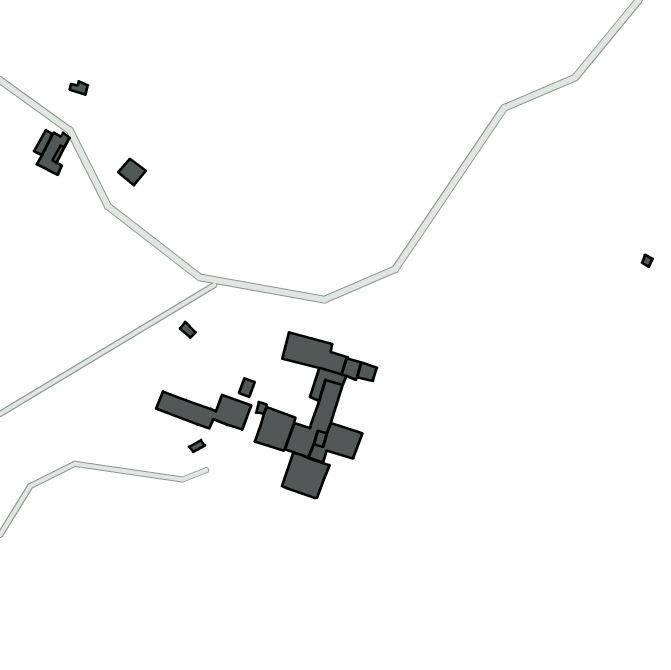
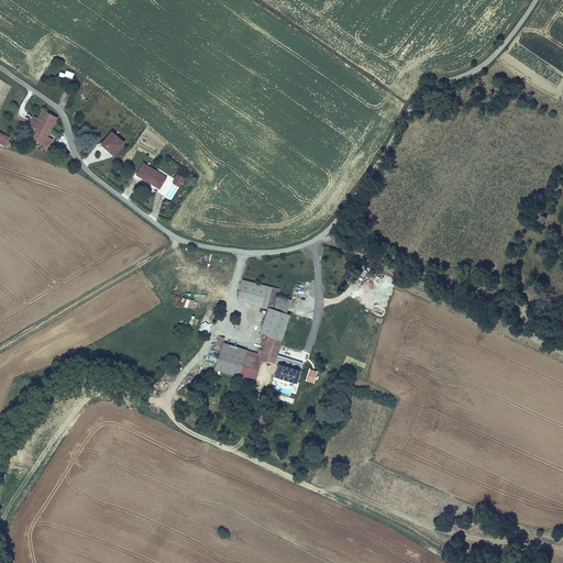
building: none -> [137,165,172,197]
building: [156,391,251,430] -> none
building: [282,452,329,498] -> none

